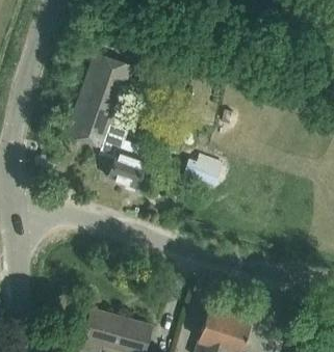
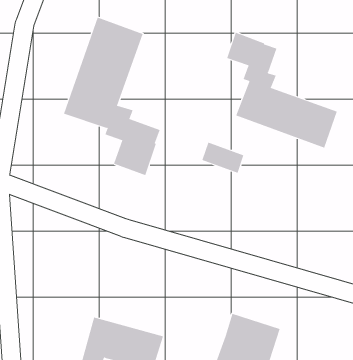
building: none -> [226,32,337,148]

